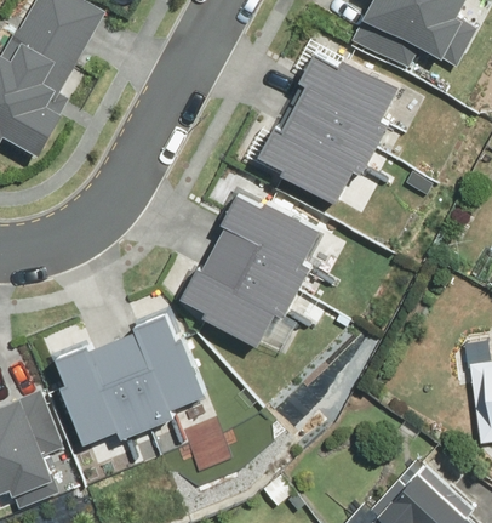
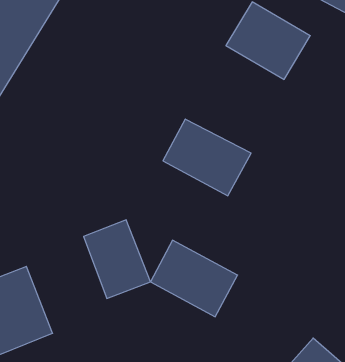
building: [261,102,366,199] -> none
building: [187,246,296,342] -> [150,240,238,317]
building: [61,341,144,439] -> none

